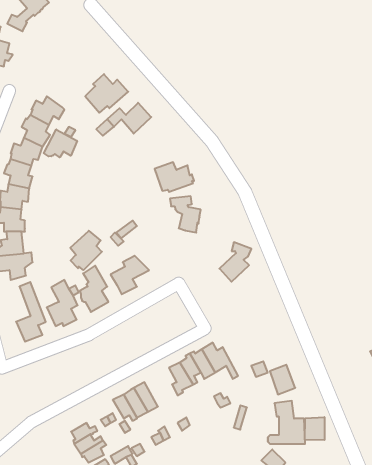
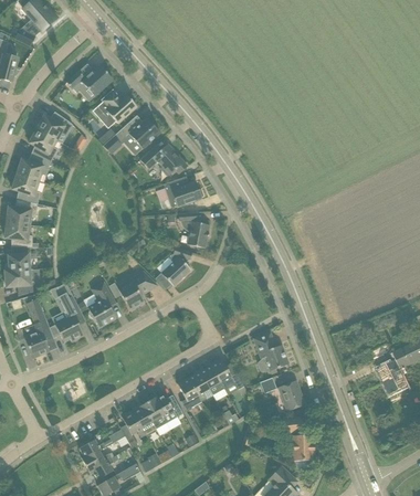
building: none -> [66,65,113,97]
building: none -> [139,144,187,177]
building: [44,129,77,157] -> none
building: [70,231,102,270] -> none
building: [219,242,251,282] -> [160,246,192,286]
building: none -> [253,333,288,371]
building: none -> [153,395,182,423]
building: [305,417,324,440] -> none

